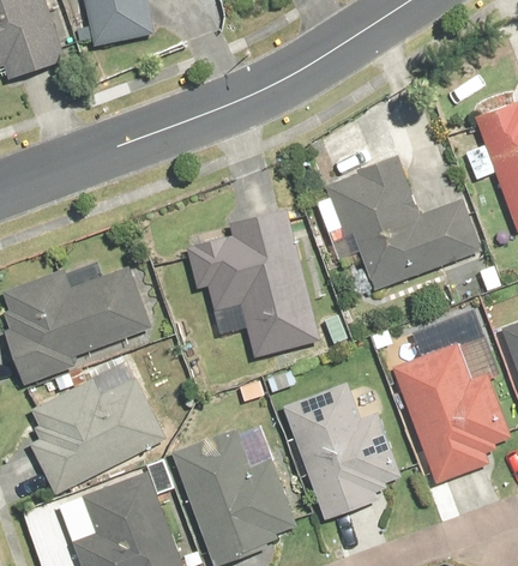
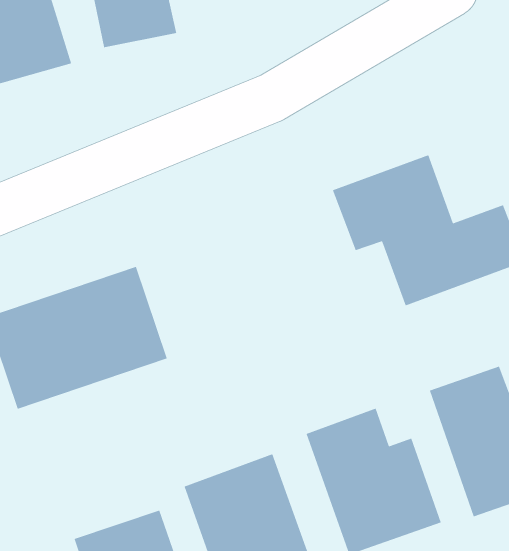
building: [180,205,320,354] -> none
building: [20,369,167,486] -> none

